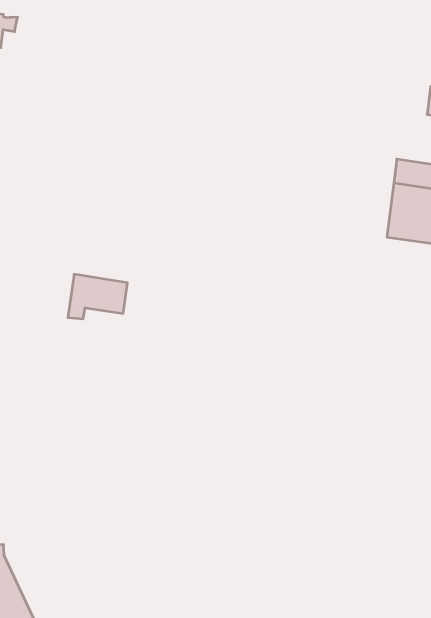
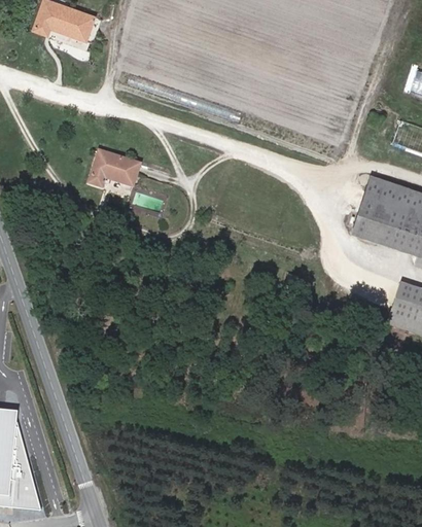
building: [68,274,127,319] -> [86,149,136,185]

